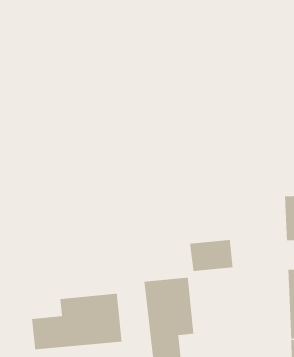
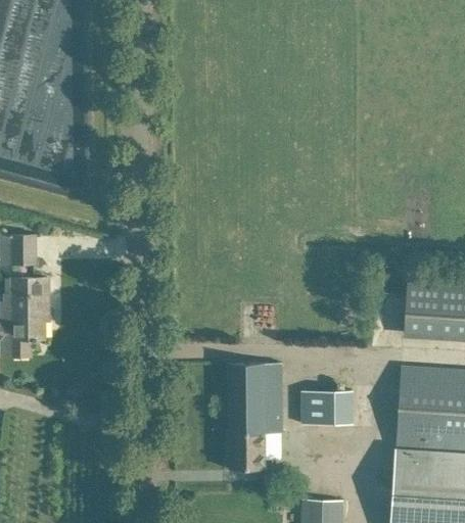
building: [189,239,233,272] -> [303,390,353,425]
building: [31,293,123,350] -> none

